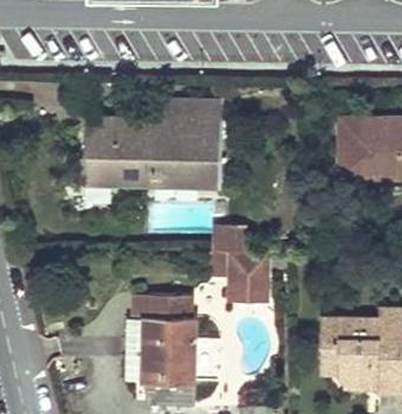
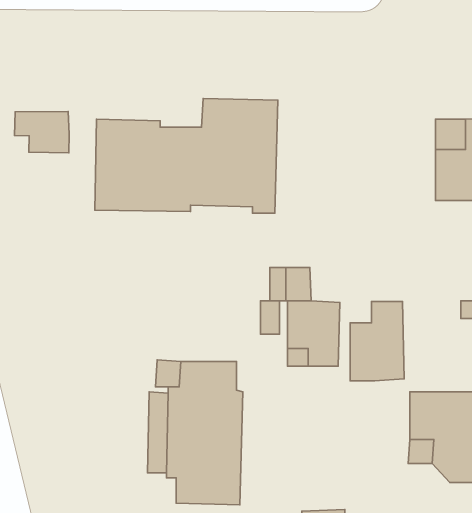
building: none -> [15,111,69,153]
building: none -> [350,301,404,381]

